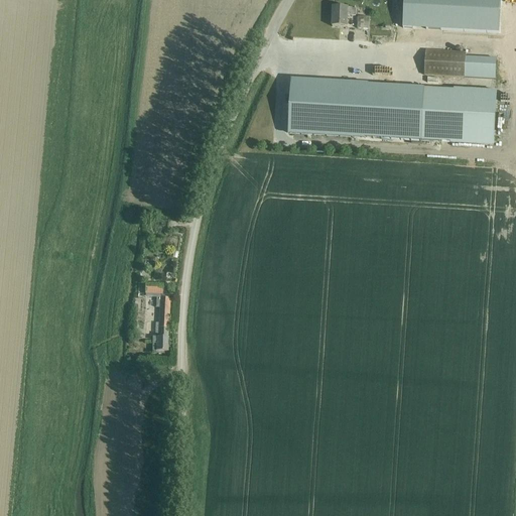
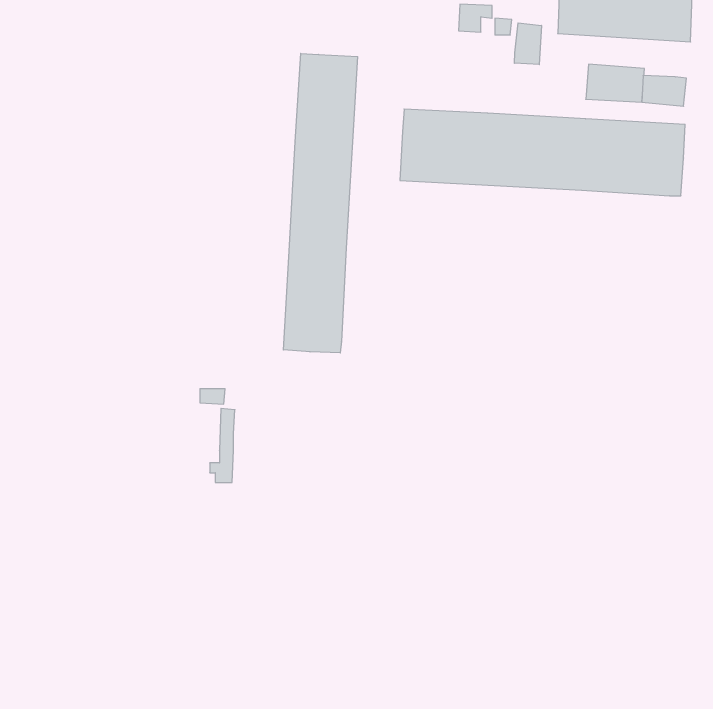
building: none -> [514,23,541,65]
building: none -> [283,53,358,353]

